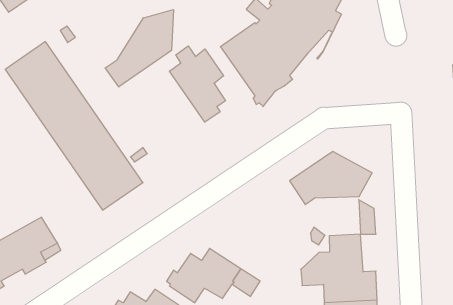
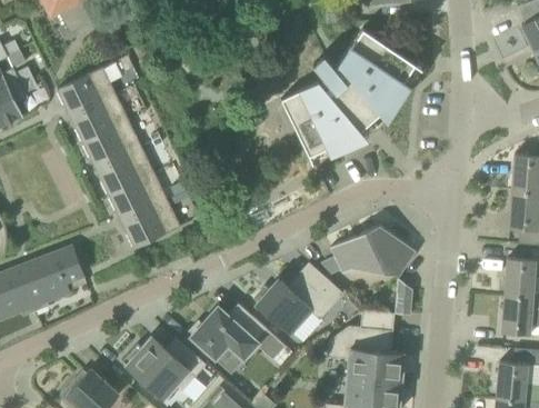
building: [105,10,173,87] -> none
building: [169,46,225,122] -> none
building: none -> [256,270,342,336]

